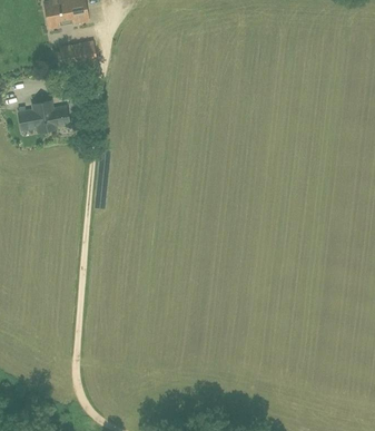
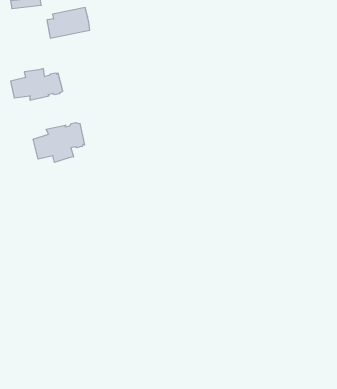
building: none -> [33,123,84,162]

